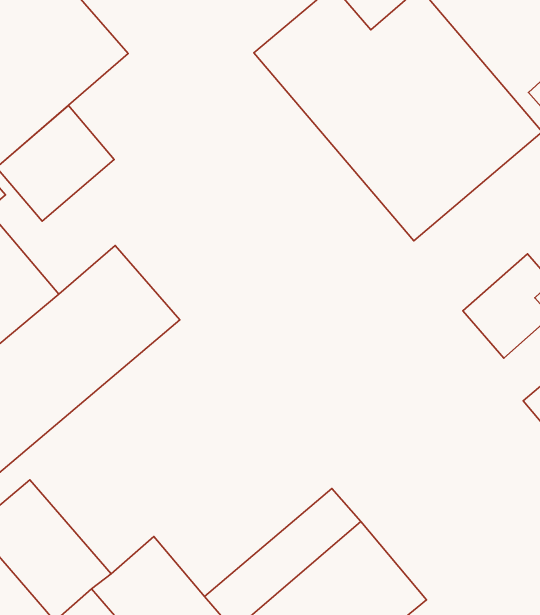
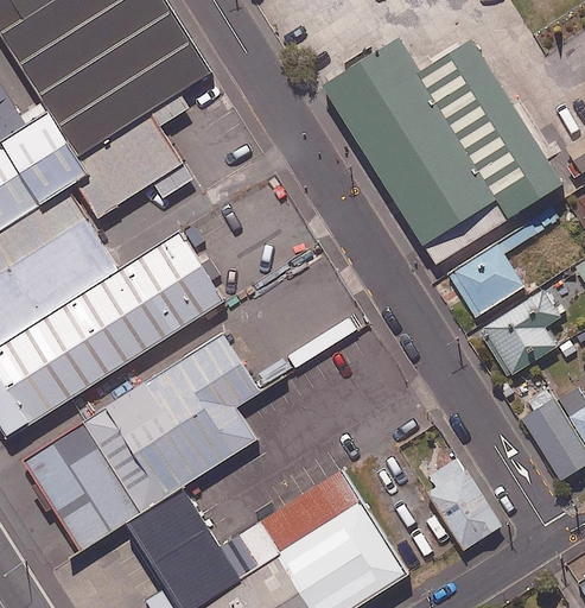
building: none -> [441,223,529,319]
building: none -> [76,336,255,518]
building: none -> [419,457,498,547]

